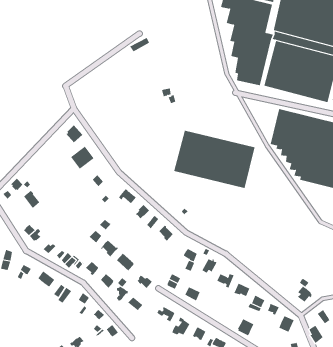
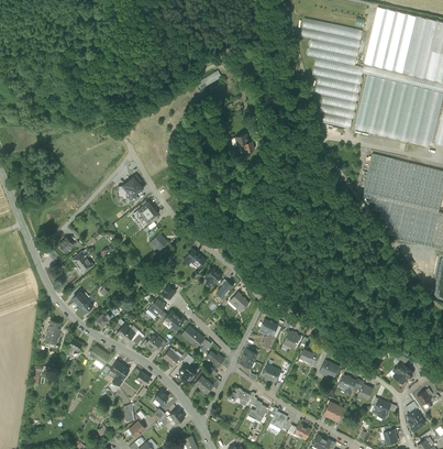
building: [174,130,255,189] -> none

